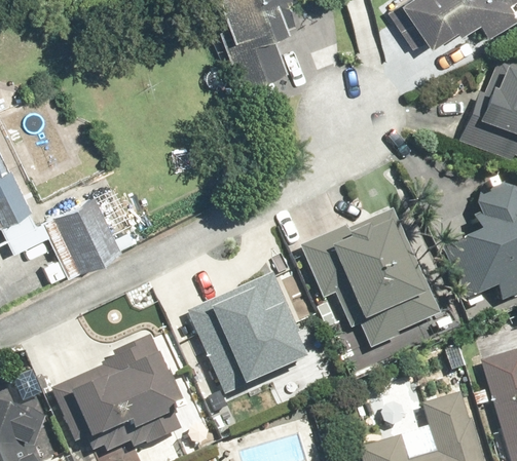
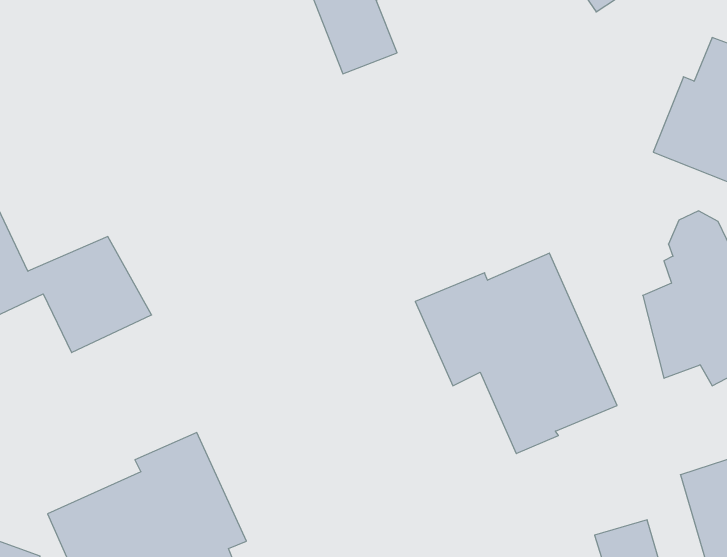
building: [187,273,312,397] -> none

